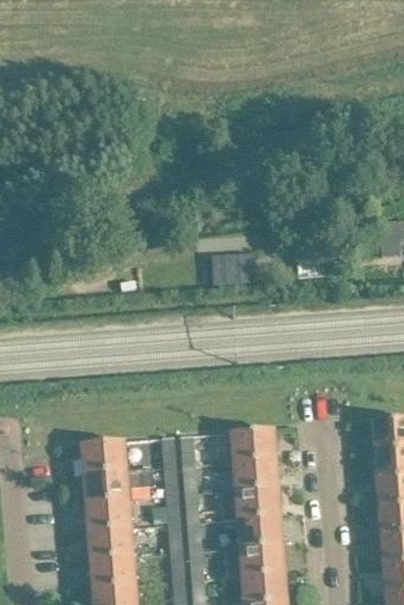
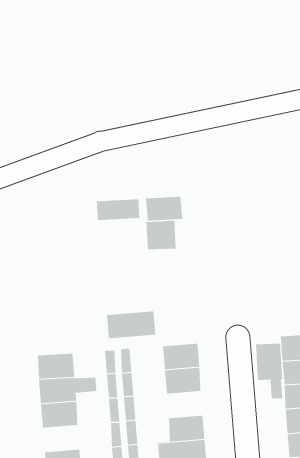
building: none -> [96,198,140,221]
building: none -> [146,220,176,250]
building: none -> [255,343,283,399]
building: [220,488,280,521] -> [106,311,156,339]
building: [87,528,133,561] -> none

